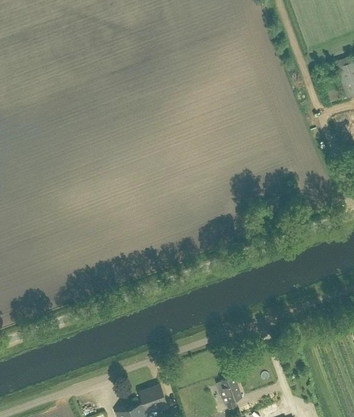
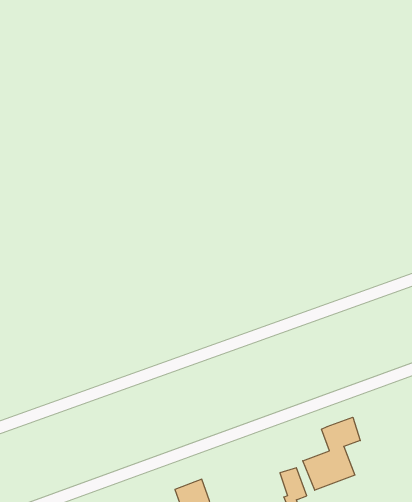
building: none -> [303,417,360,490]

